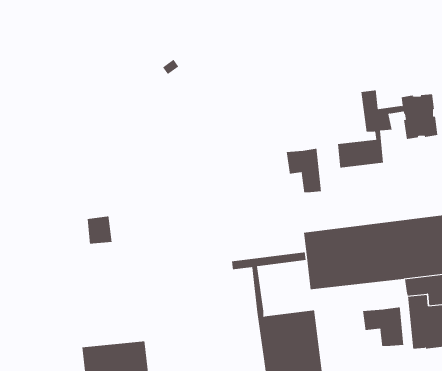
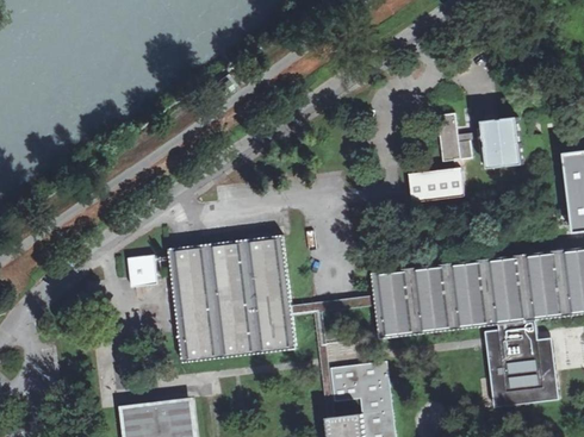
building: [286,148,321,193] -> none
building: none -> [167,235,294,361]
building: [363,307,404,347] -> none

